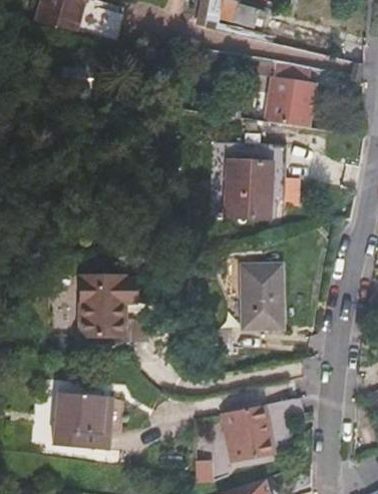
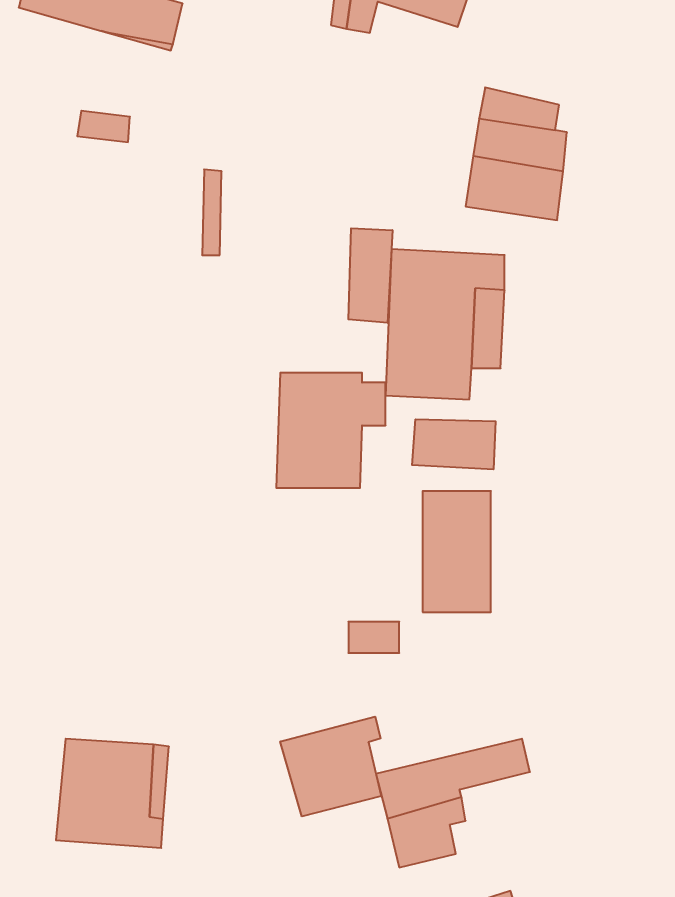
building: none -> [348,228,392,323]
building: none -> [412,419,496,469]
building: [77,278,133,337] -> [276,373,386,488]
building: none -> [280,717,381,816]

